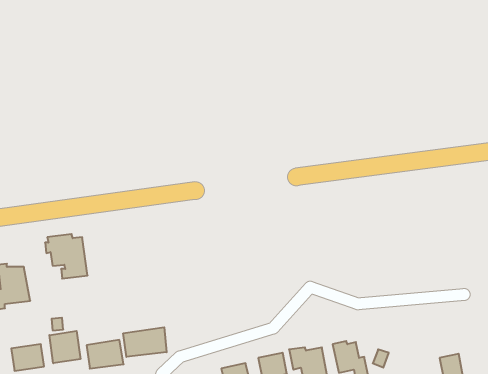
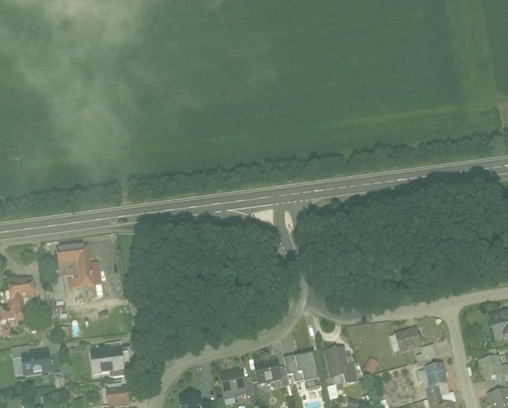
building: none -> [394,328,422,352]
building: [123,327,167,357] -> none
building: [49,331,80,363] -> none

